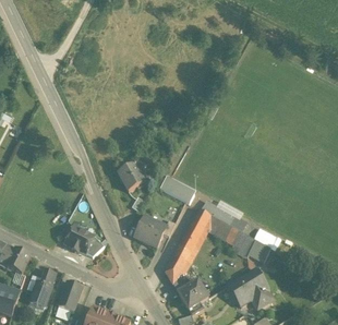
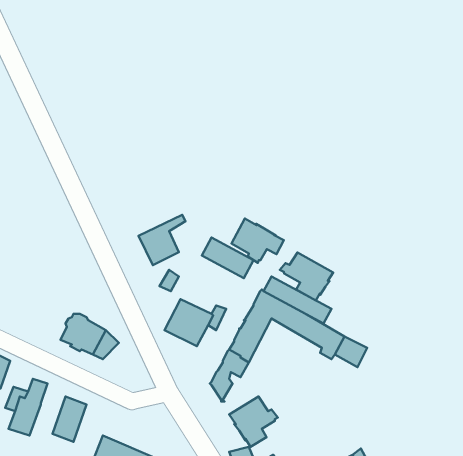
building: none -> [231,218,284,263]
building: none -> [280,252,333,300]
building: [228,272,270,310] -> none

